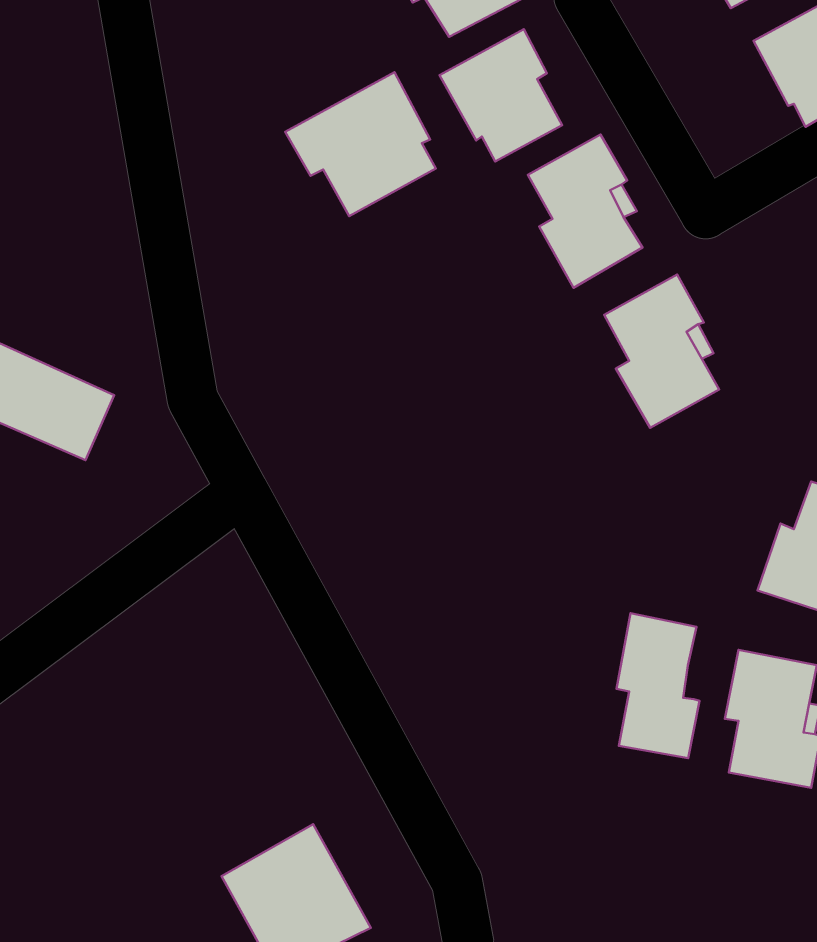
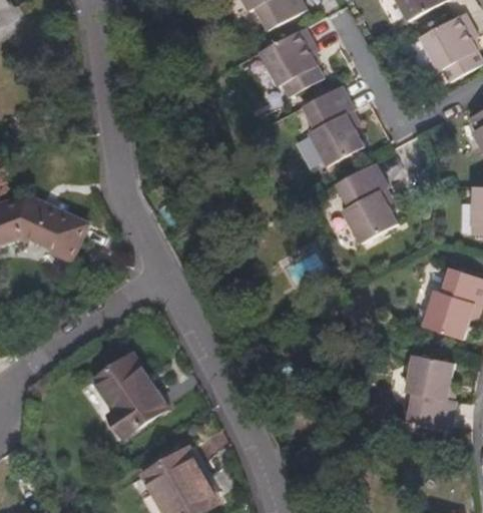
building: [285,72,436,216] -> none
building: [616,613,699,758] -> none
building: none -> [92,357,165,437]

